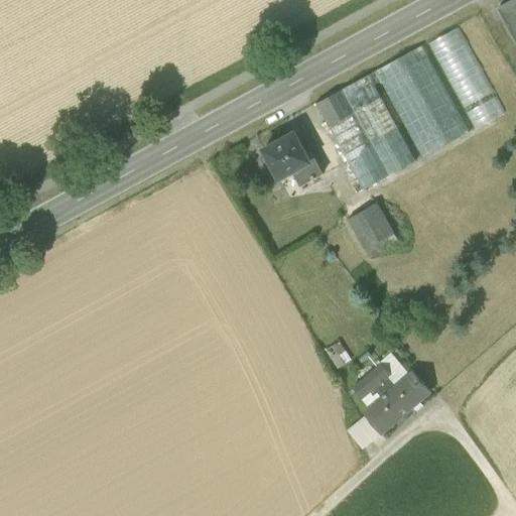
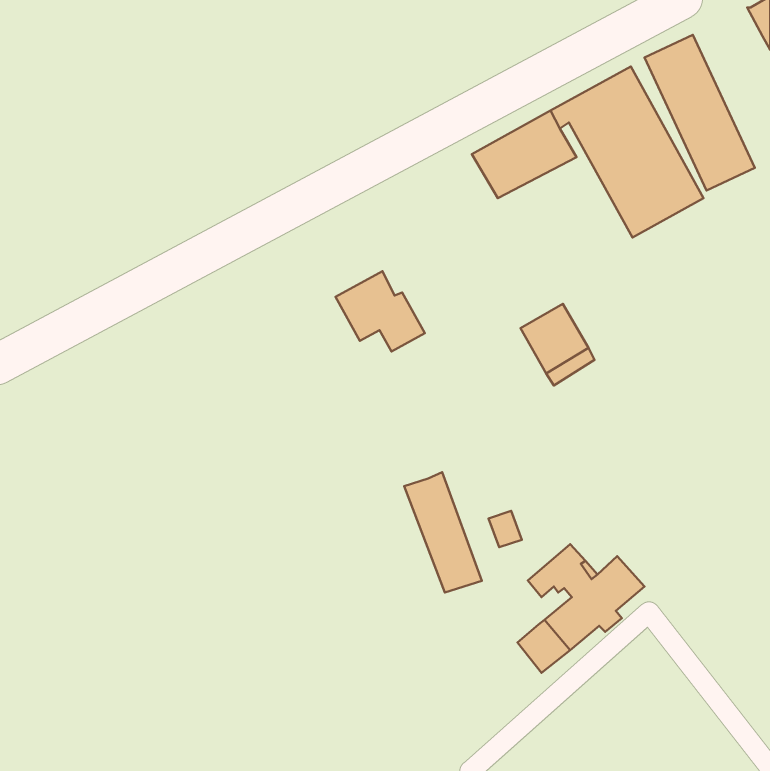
building: [332,105,415,189] -> none
building: [262,132,321,185] -> [335,271,425,351]
building: none -> [404,472,482,592]

